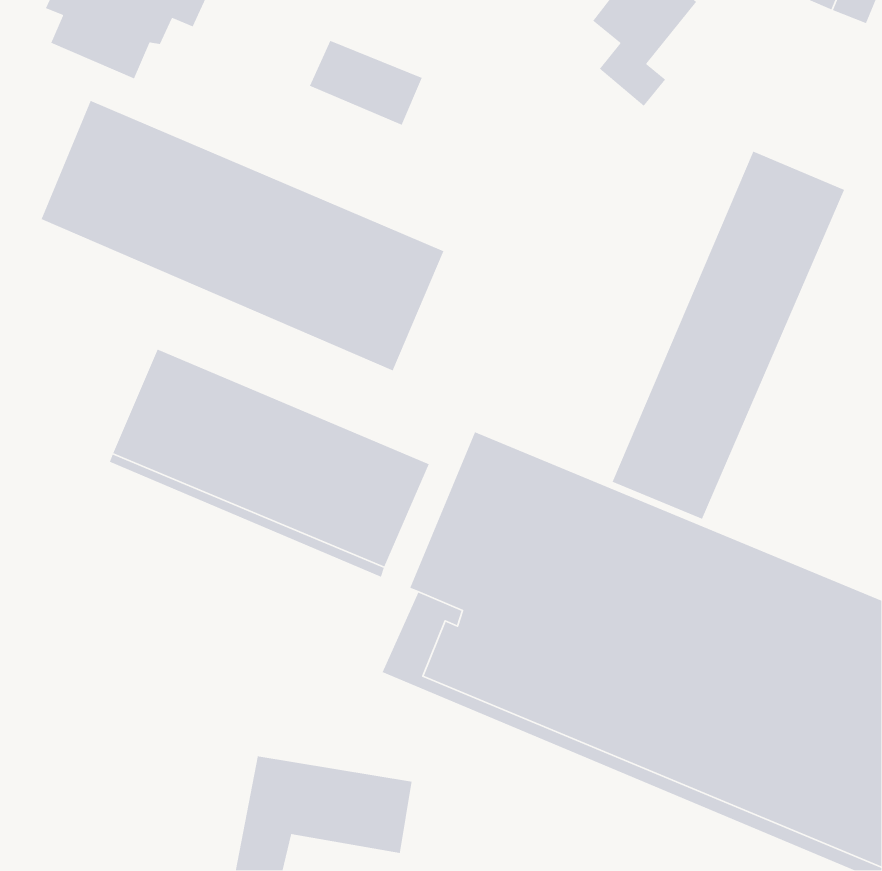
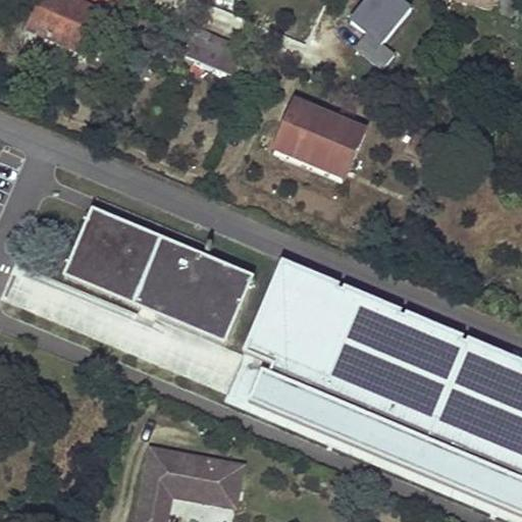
building: [41,100,444,372] -> none
building: [611,151,845,520] -> none
building: none -> [275,99,364,175]

